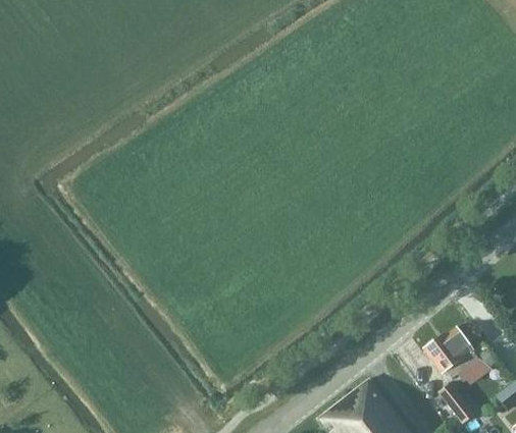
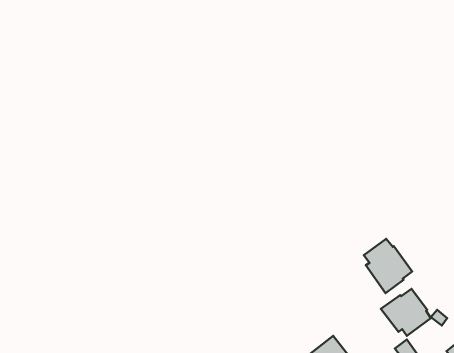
building: none -> [364,239,412,293]

